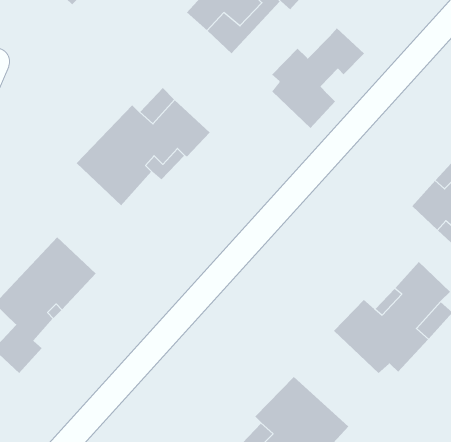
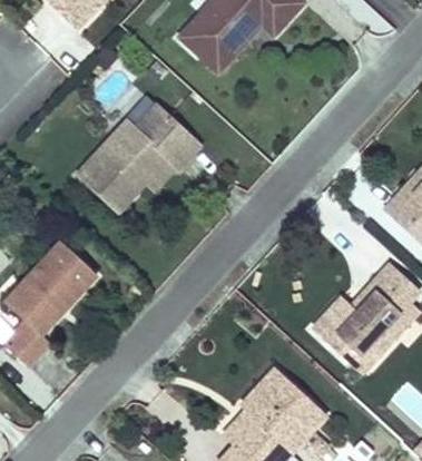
building: [271,28,365,129] -> none

